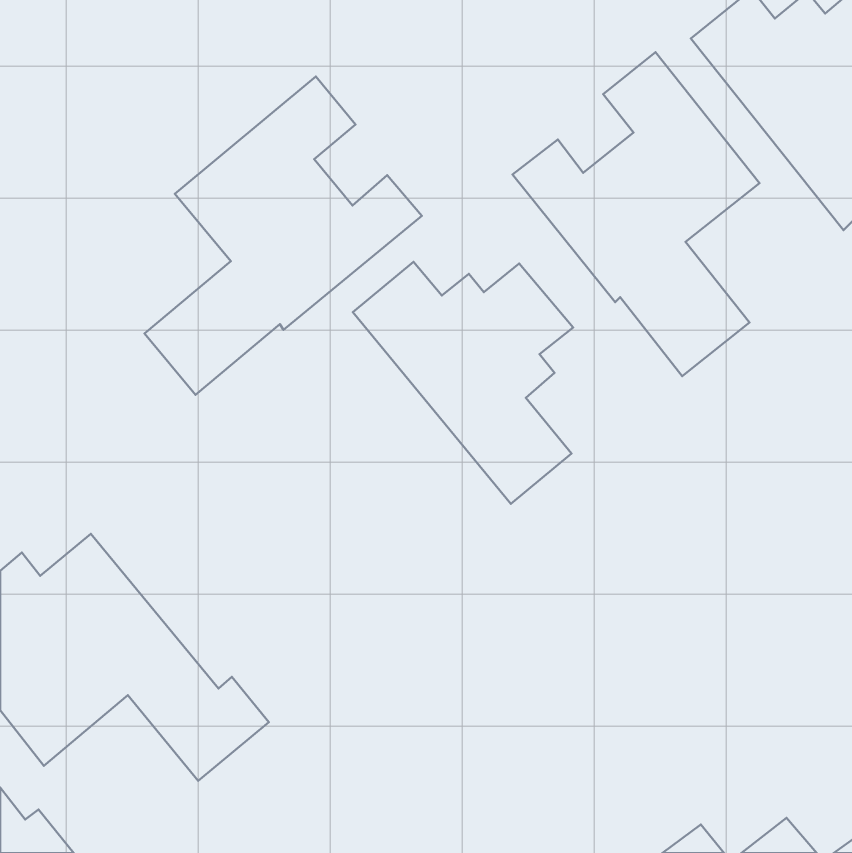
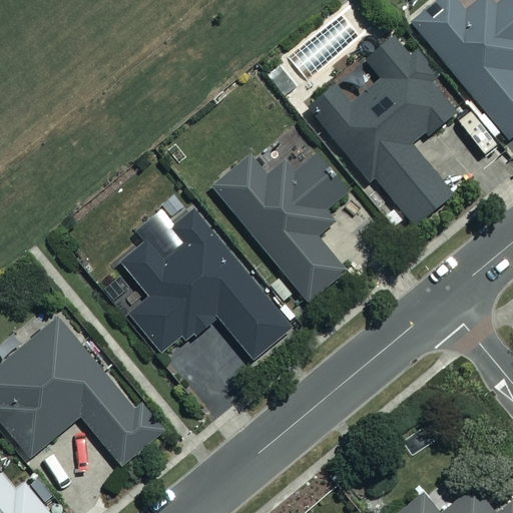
building: [144,77,422,395] -> none
building: none -> [121,209,293,361]

